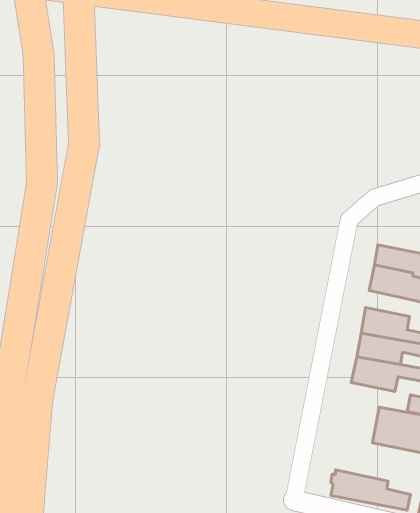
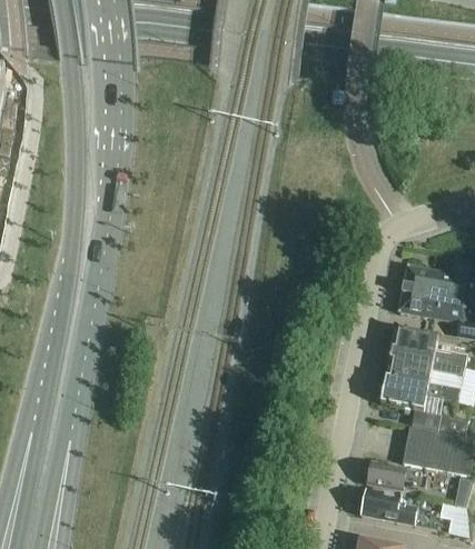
building: none -> [363,460,424,489]

